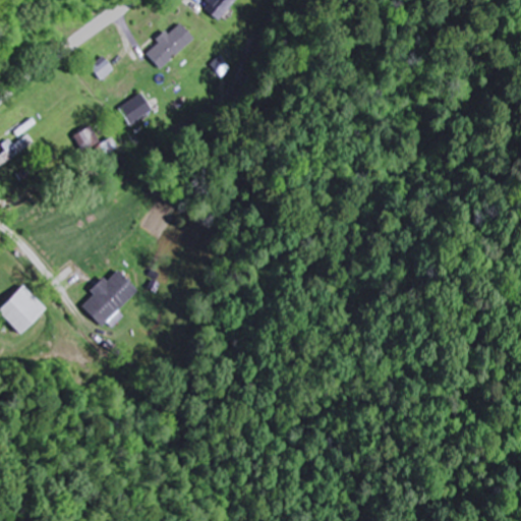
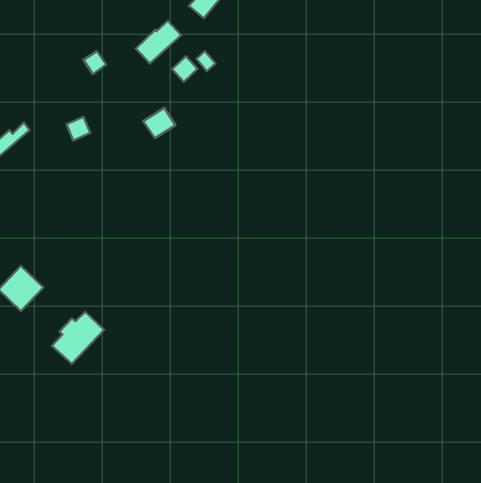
building: none -> [172,56,197,82]
building: [119,93,154,125] -> [143,108,176,138]
building: [81,270,137,326] -> [52,312,104,364]

